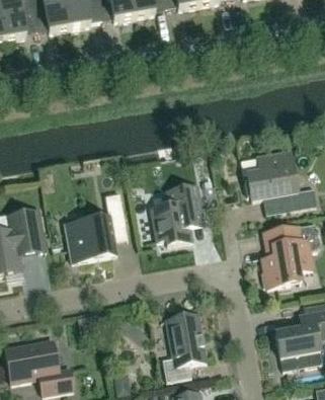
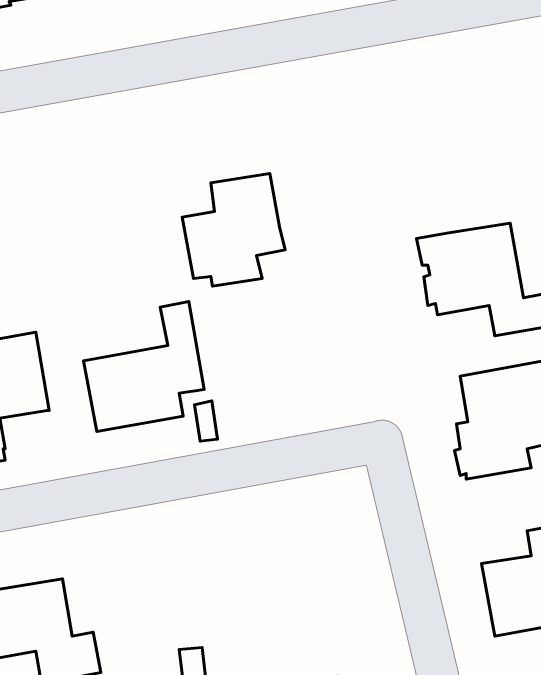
building: [151,184,206,244] -> [182,173,285,286]
building: [163,313,207,380] -> none

